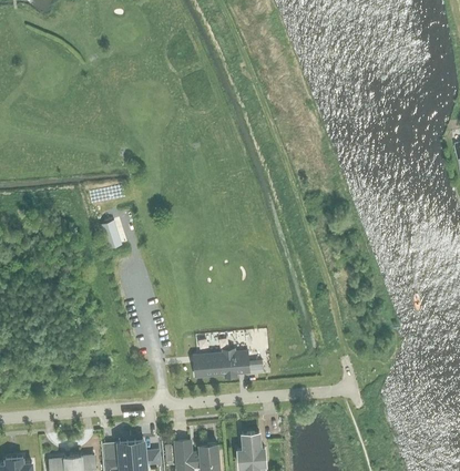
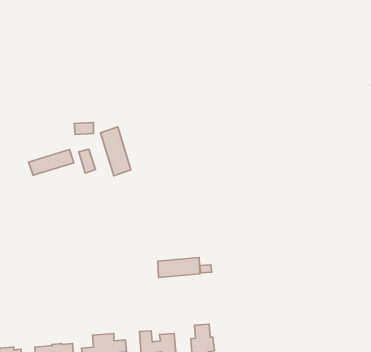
building: none -> [101,127,131,176]
building: none -> [29,150,74,175]

